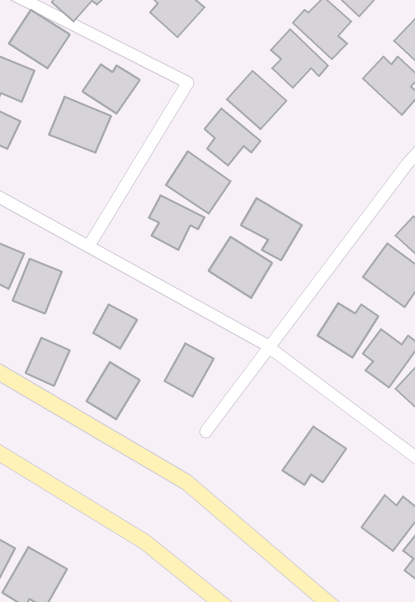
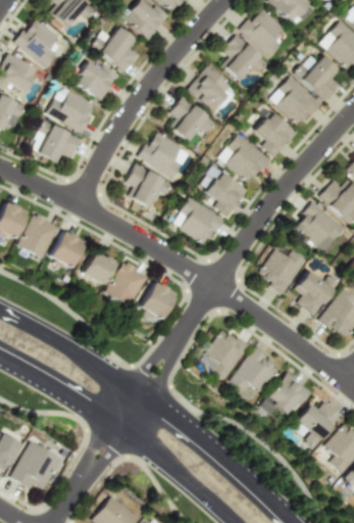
building: none -> [93,27,138,72]
building: none -> [268,76,319,127]
building: none -> [252,110,295,156]
building: none -> [30,121,80,163]
building: none -> [217,134,268,182]
building: [26,338,70,386] -> [50,230,85,268]
building: [86,362,140,419] -> [106,262,148,306]
building: none -> [200,328,249,379]
building: none -> [260,371,311,419]

